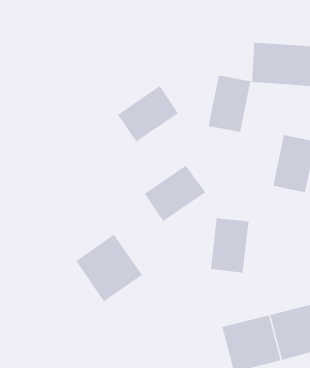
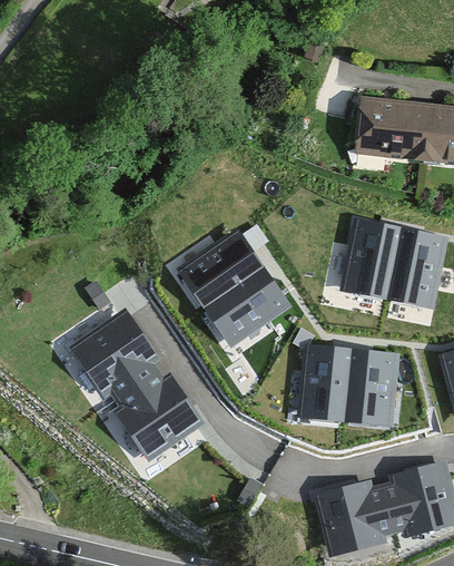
building: [208,75,251,133] -> [338,217,398,297]
building: [117,85,179,143] -> [178,230,264,310]
building: none -> [70,308,164,402]
building: none -> [343,347,398,424]

